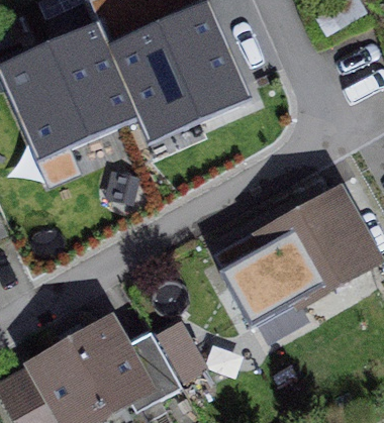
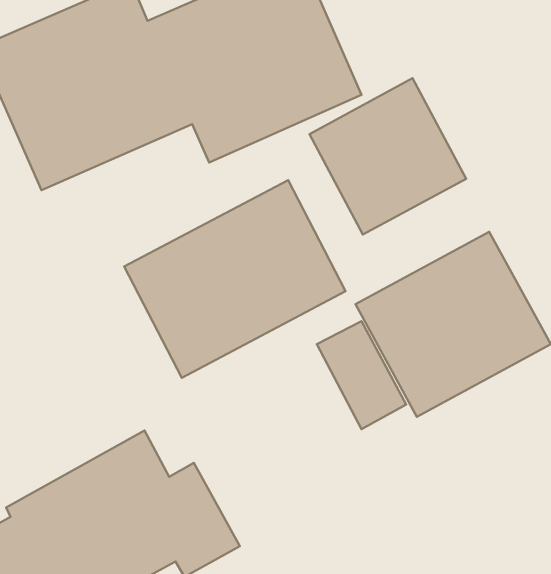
building: none -> [309,78,466,235]
building: none -> [124,180,346,378]

